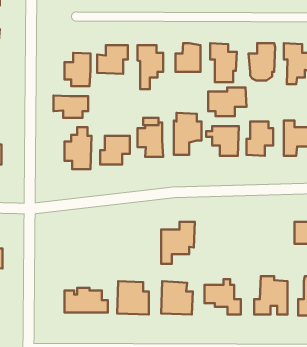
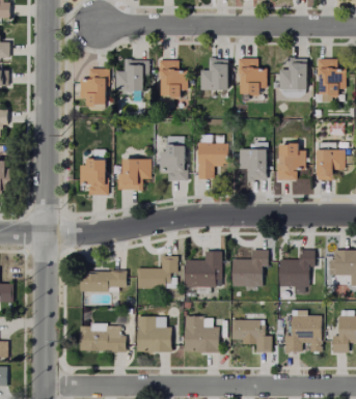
building: [208,87,246,116] -> none
building: [54,96,88,118] -> none
building: none -> [232,250,266,292]
building: none -> [279,250,314,293]
building: none -> [137,256,177,289]
building: none -> [80,272,126,292]

